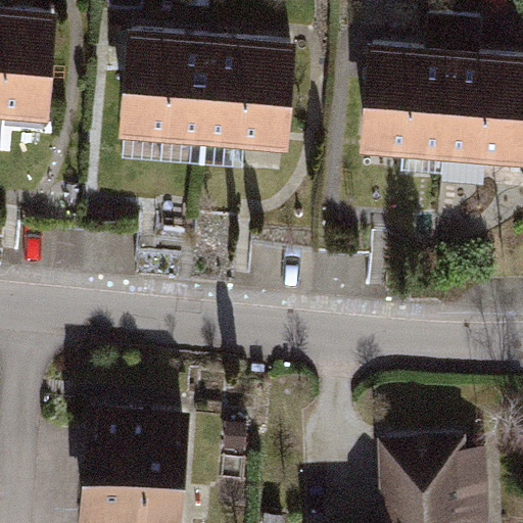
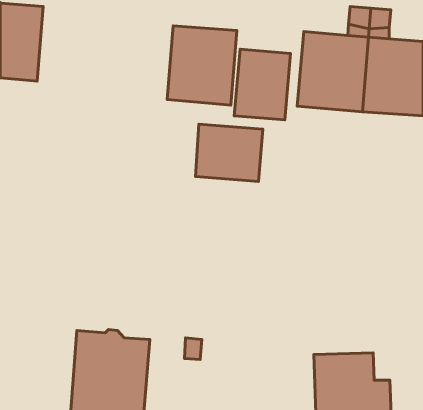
building: [127,42,213,139] -> none
building: none -> [234,49,291,120]
building: none -> [195,124,263,182]

